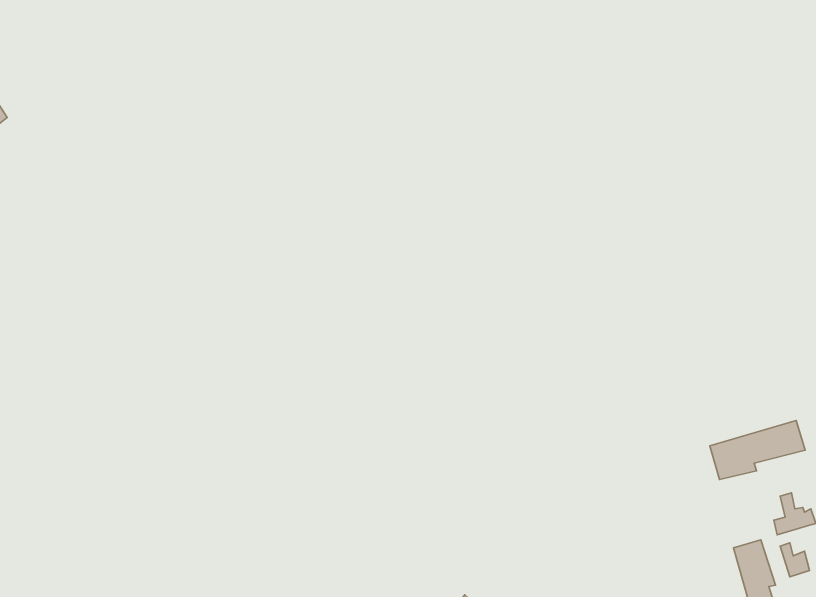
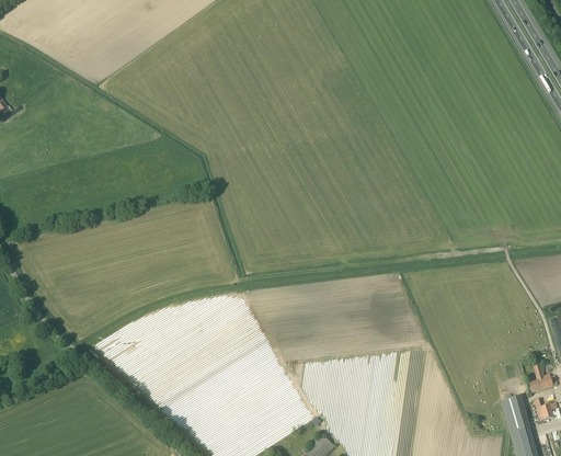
building: [710,420,805,480] -> none

